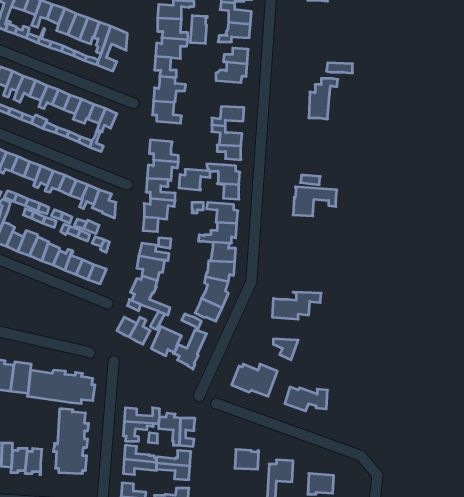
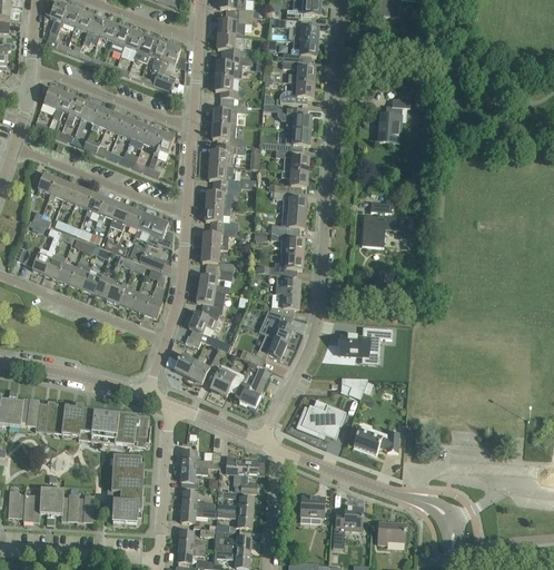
building: [190,15,207,44] -> none
building: none -> [277,107,309,129]
building: [179,169,210,190] -> [209,144,243,166]

